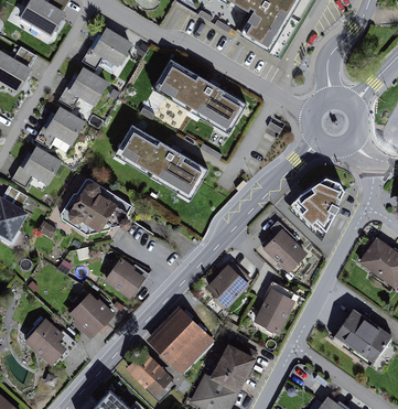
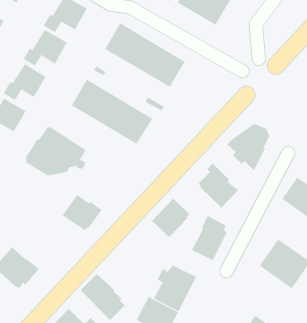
building: [68,292,115,340] -> none
building: [146,306,214,375] -> none

